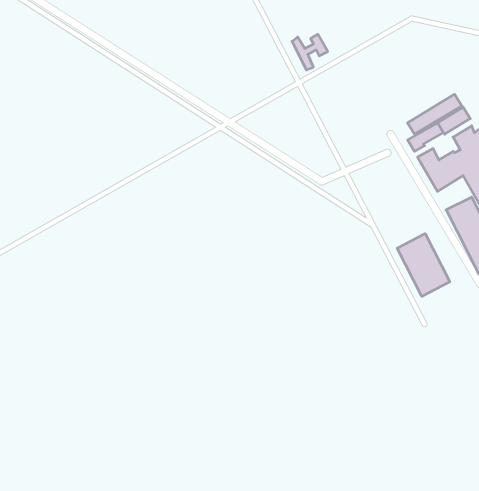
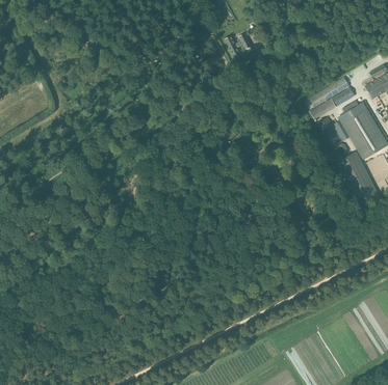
building: [397,234,450,296] -> none

